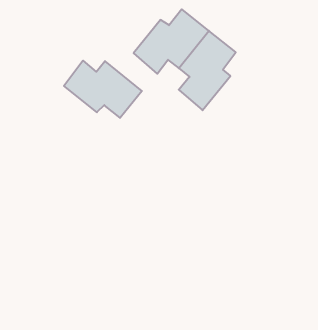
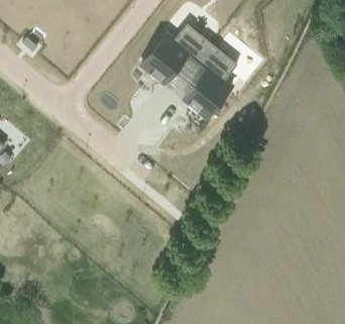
building: [64,61,142,118] -> none

